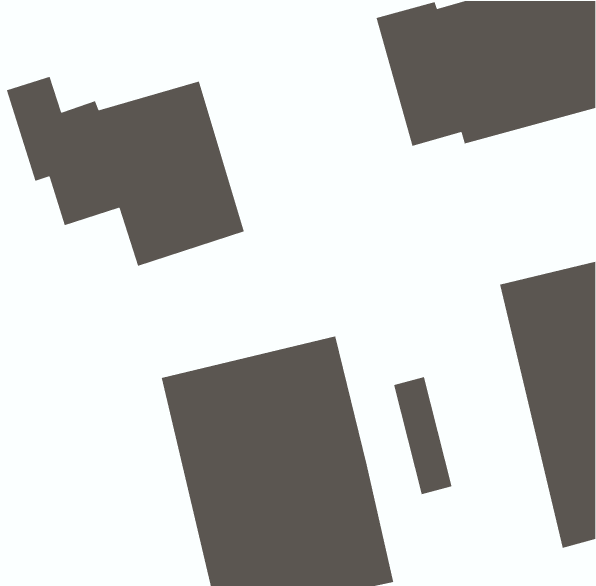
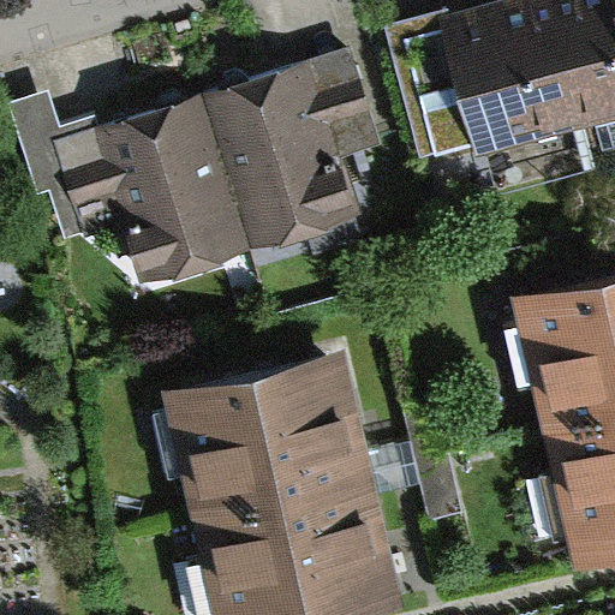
building: none -> [205,49,378,249]

